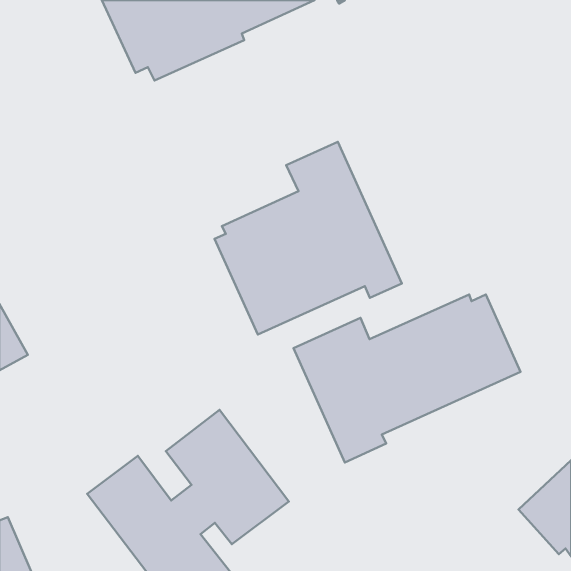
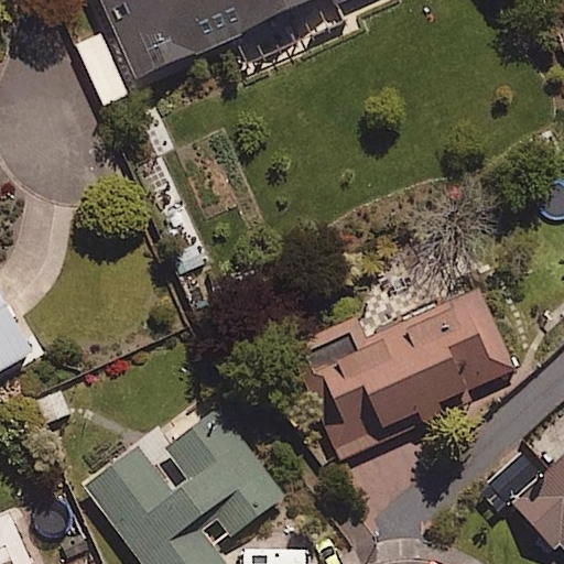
building: [214,142,402,334] -> none

